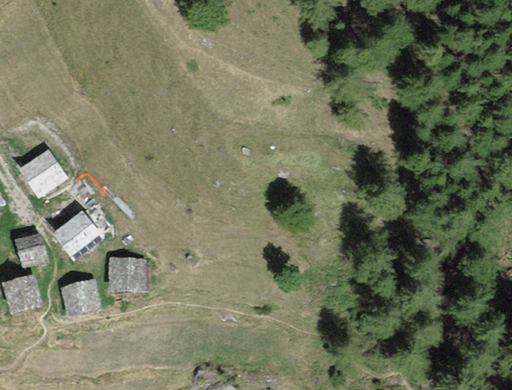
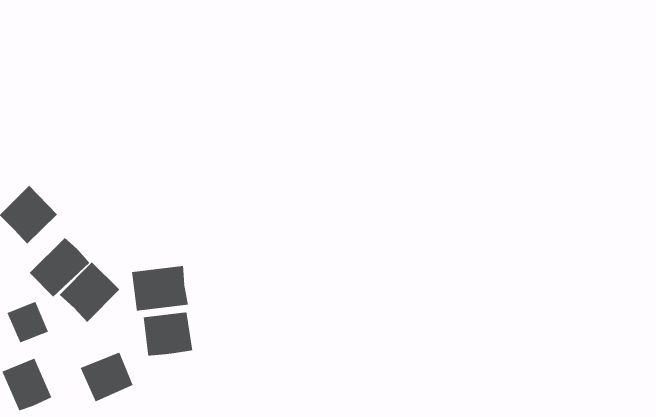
building: none -> [29,237,90,298]
building: none -> [132,265,188,312]

